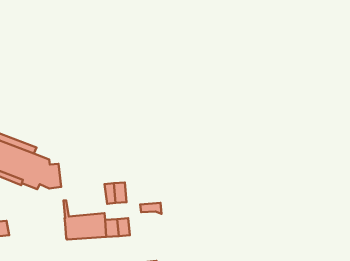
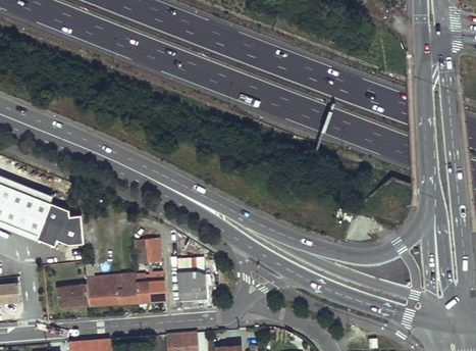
building: none -> [178,272,205,299]
building: none -> [58,287,89,307]

